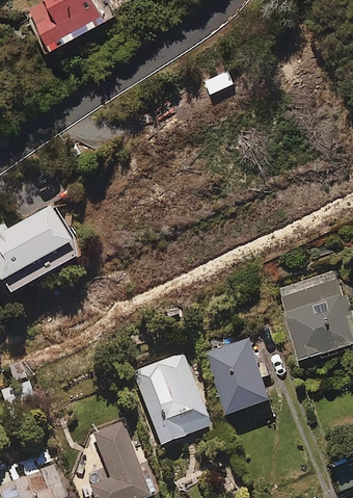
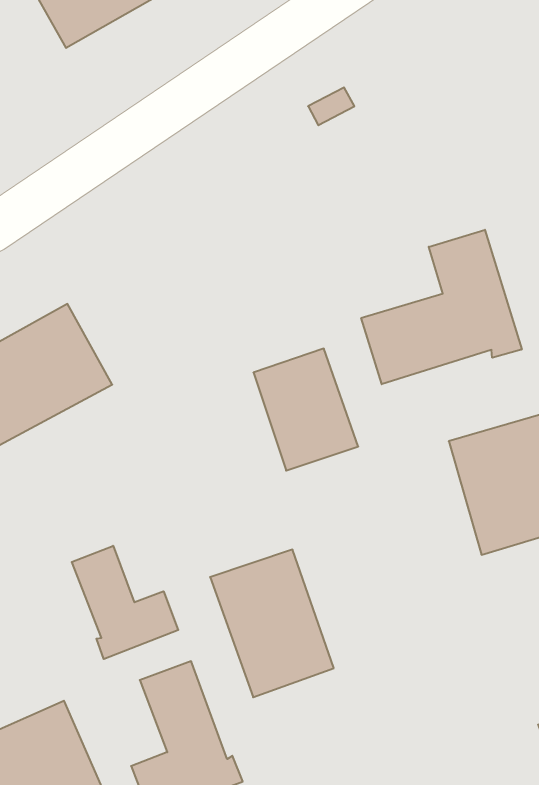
building: none -> [361,230,522,384]
building: [207,337,270,411] -> [253,349,358,471]
building: none -> [72,546,178,659]

